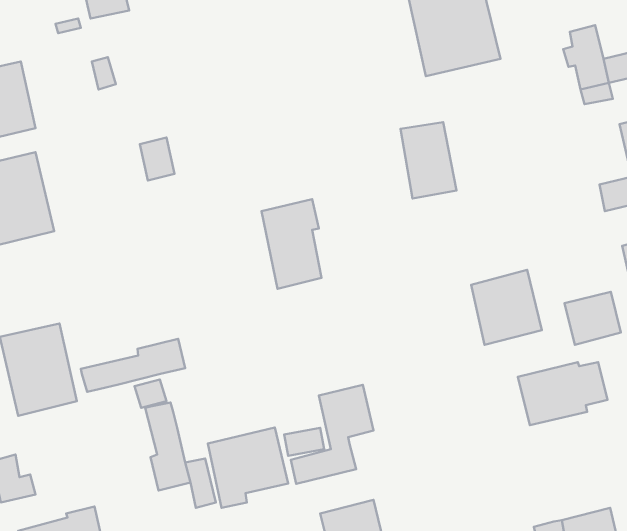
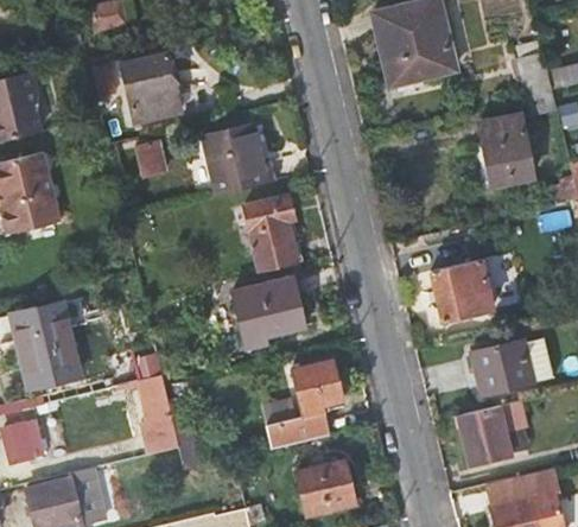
building: none -> [114,51,180,125]
building: none -> [203,122,273,193]
building: [400,122,457,198] -> [481,116,531,184]
building: [564,292,621,345] -> none
building: [81,339,185,392] -> none
building: [208,427,288,508] -> [233,278,304,349]
building: none -> [457,400,527,464]

